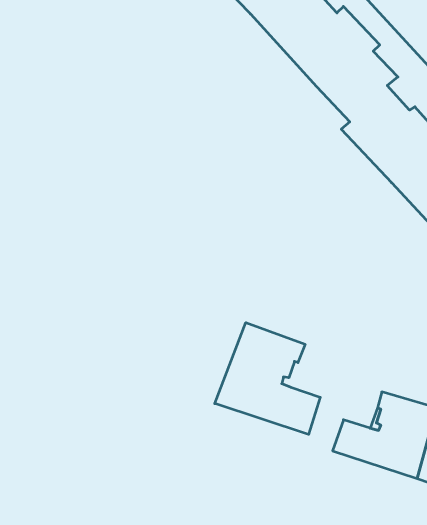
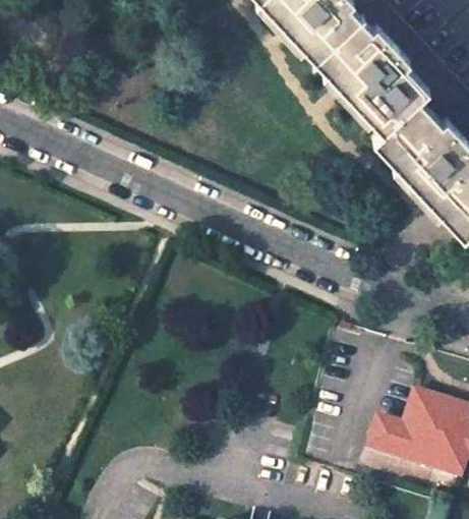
building: [215,323,320,434] -> none

